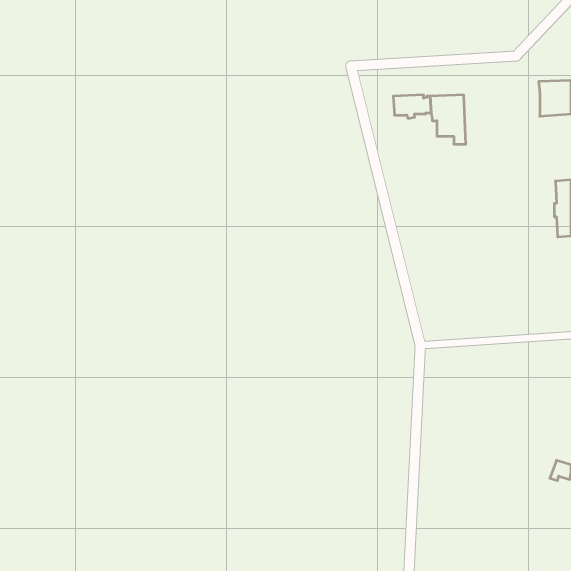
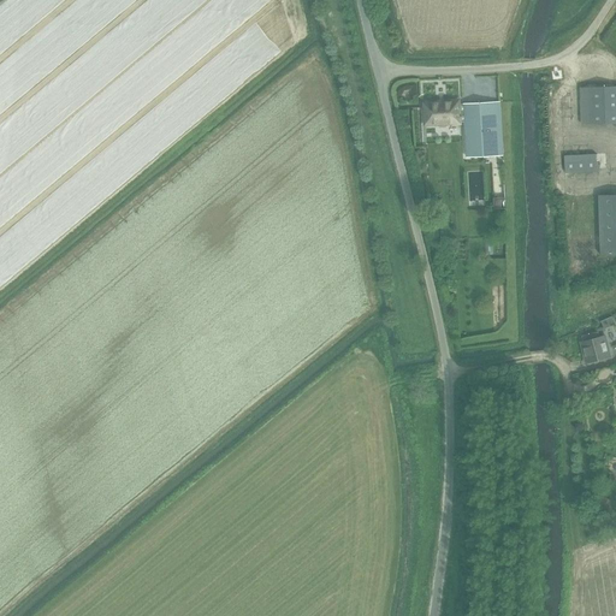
building: none -> [564,155,597,173]
building: none -> [581,332,610,363]

